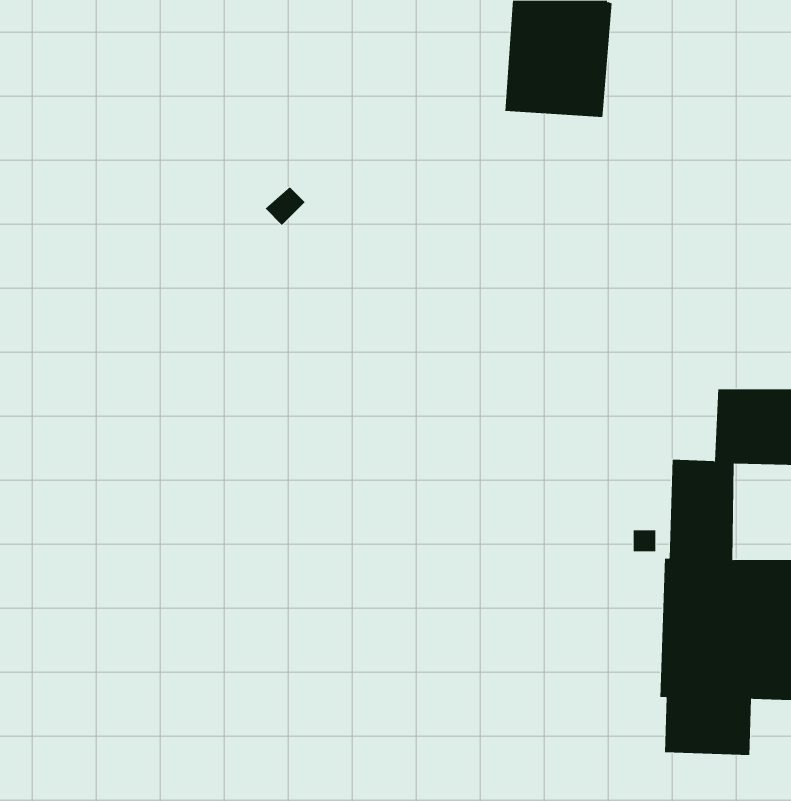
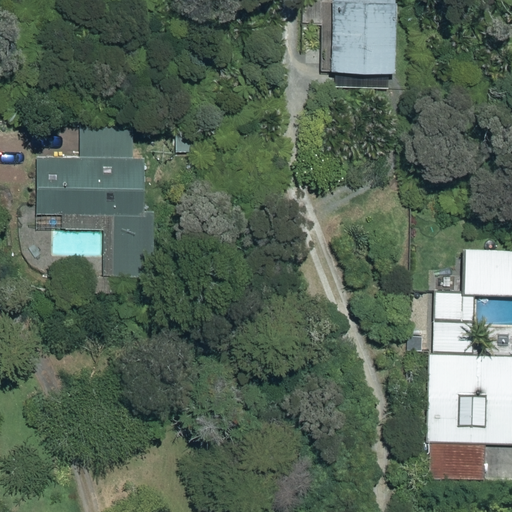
building: none -> [37,121,153,277]

